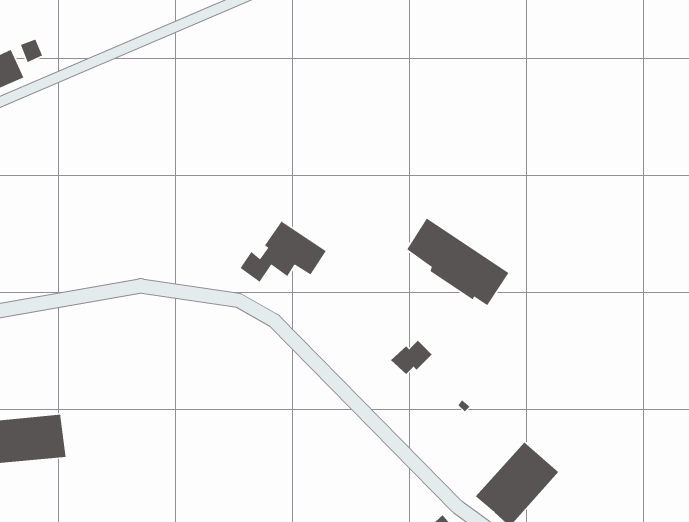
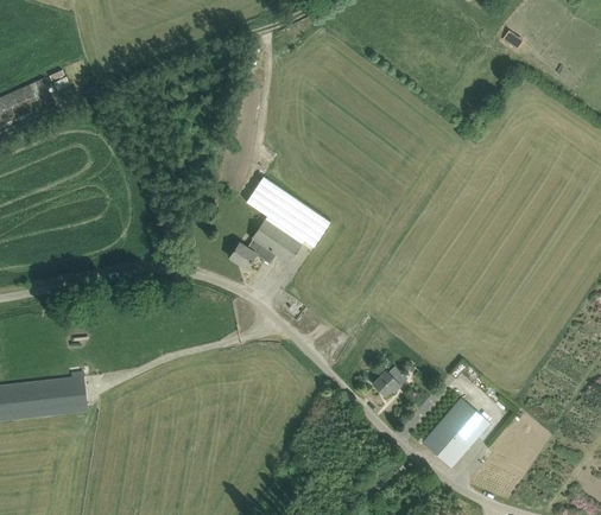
building: [406,218,509,306] -> [246,176,330,248]
building: [390,340,432,375] -> [372,368,406,396]

